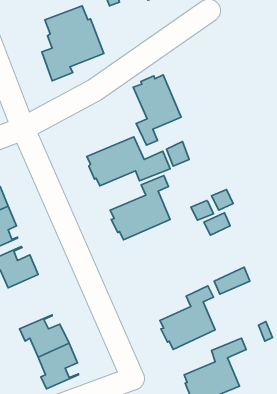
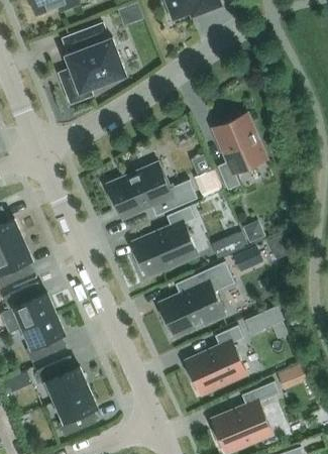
building: [133,75,181,145] -> [213,114,264,190]
building: none -> [159,261,234,336]
building: none -> [22,313,66,362]

